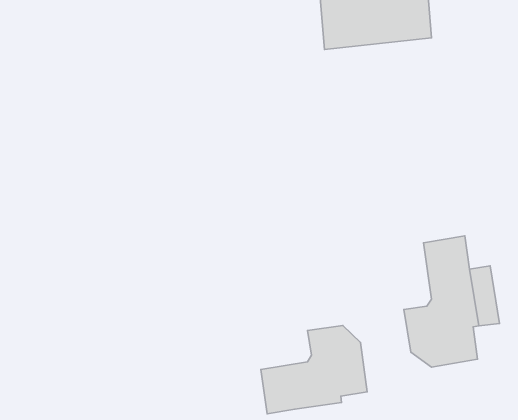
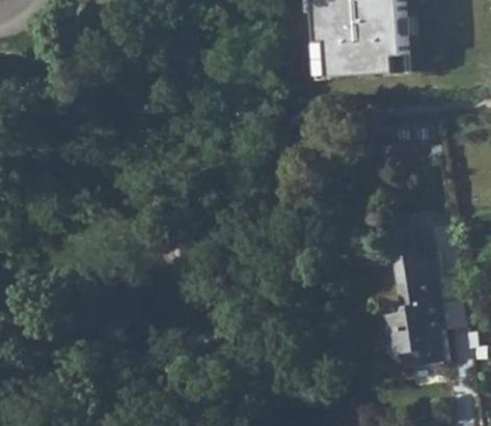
building: [261,326,367,414] -> none

